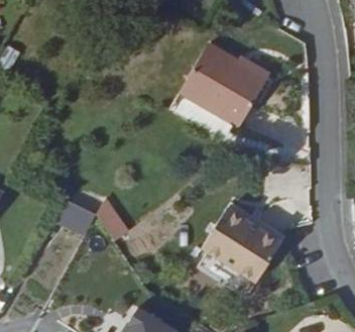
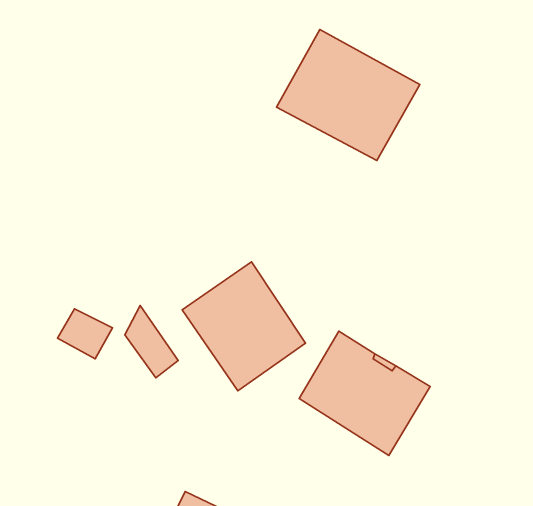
building: none -> [182,262,306,391]

